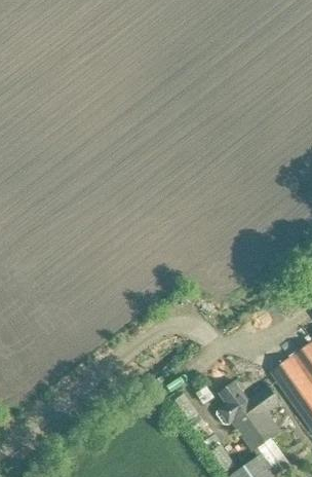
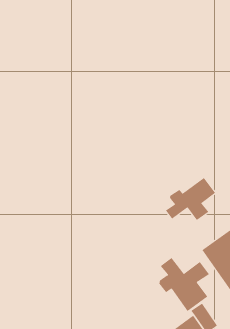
building: none -> [165,177,216,221]

